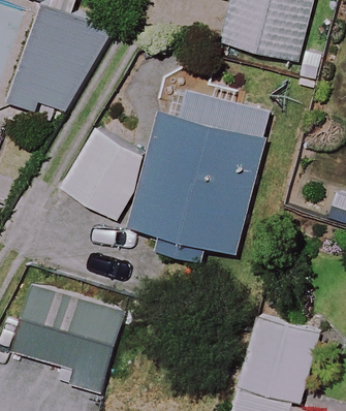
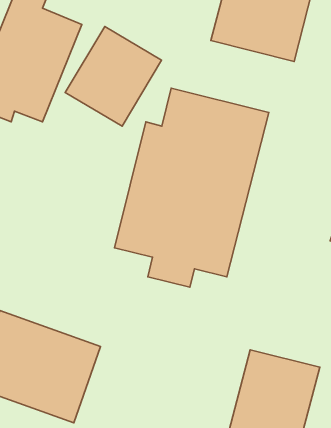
building: [62,129,148,218] -> [65,26,162,126]

